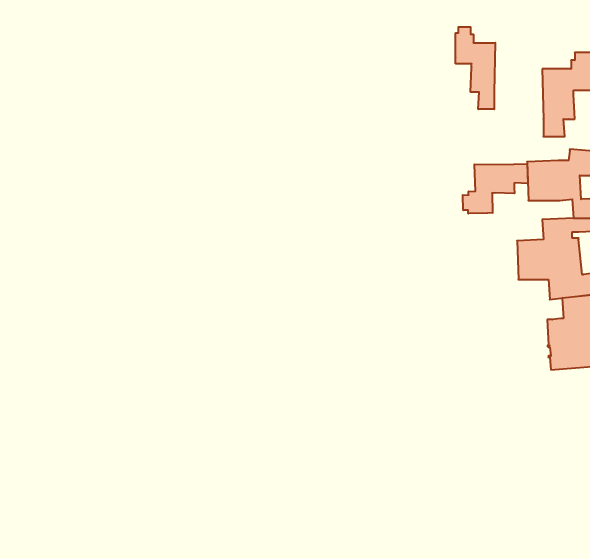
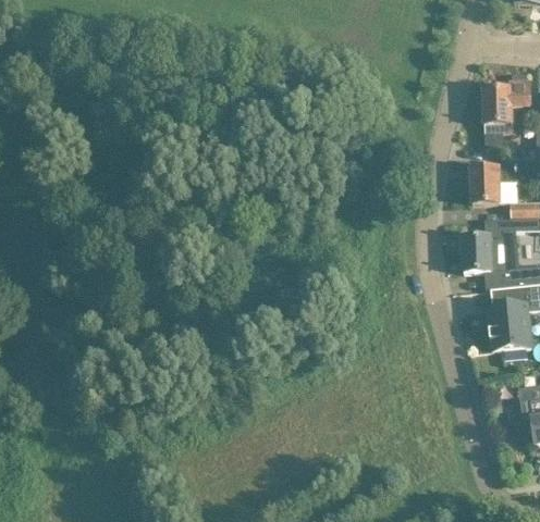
building: [456,27,495,109] -> none
building: [463,164,528,214] -> none

